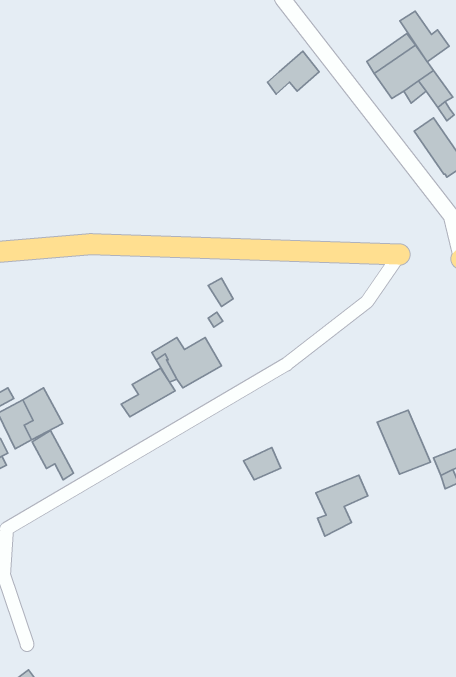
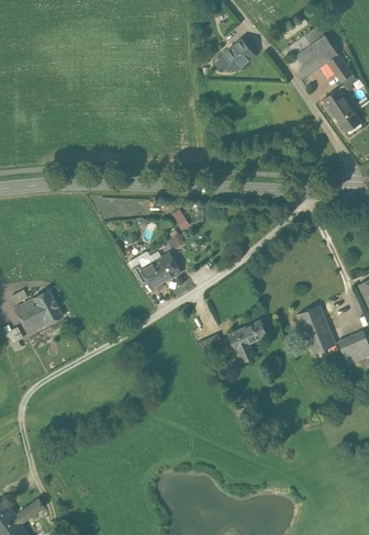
building: [400,11,449,62] -> none
building: [121,368,175,417] -> none
building: [32,430,73,480] -> none
building: [316,475,368,536] -> [228,320,267,365]

